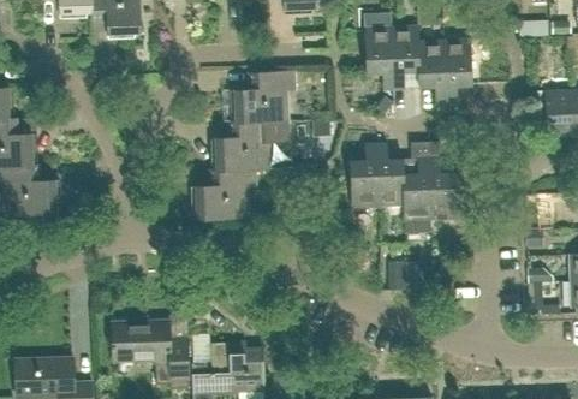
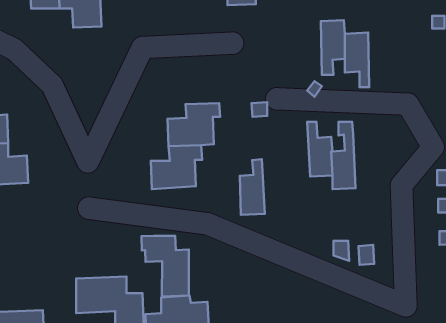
building: [364,26,392,89] -> none
building: [445,38,472,102] -> none
building: [234,71,294,121] -> none
building: [350,142,379,206] -> [240,159,265,215]
building: [428,156,457,218] -> none
building: none -> [141,236,189,296]

